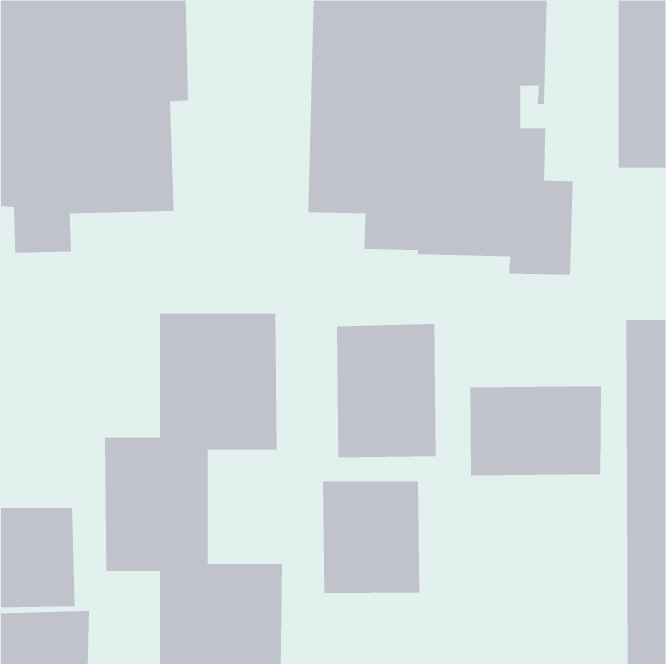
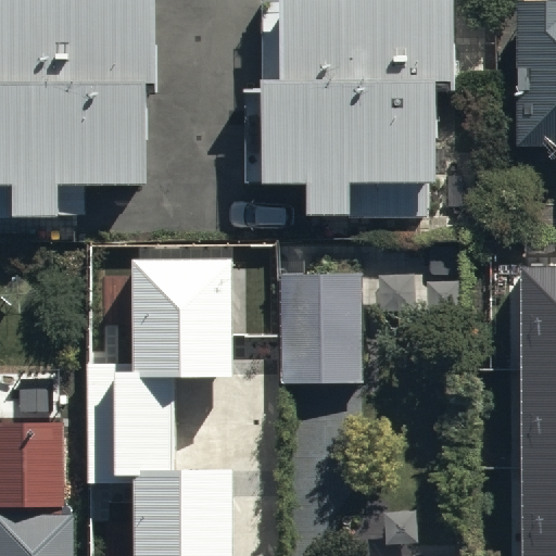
building: [470,385,601,476] -> none
building: [323,480,420,594] -> none

